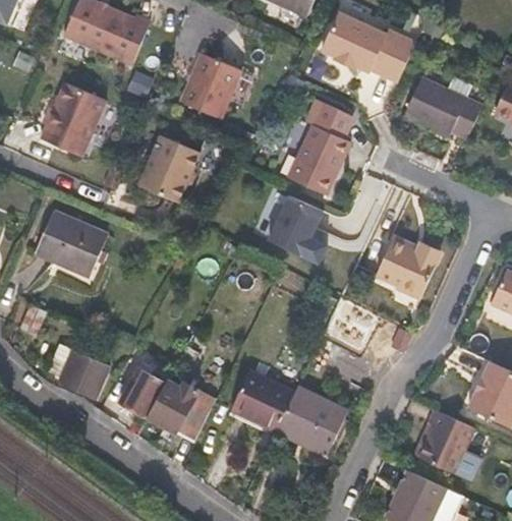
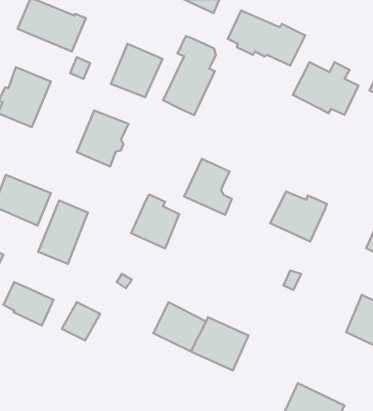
building: [286,98,350,194] -> [163,36,216,115]
building: none -> [131,194,179,248]
building: none -> [38,200,88,264]
building: [148,382,215,442] -> none
building: [417,409,474,475] -> none

